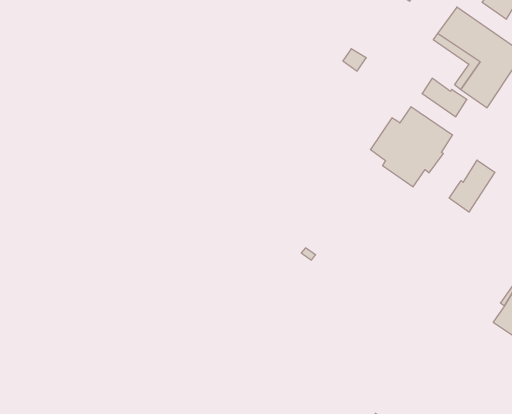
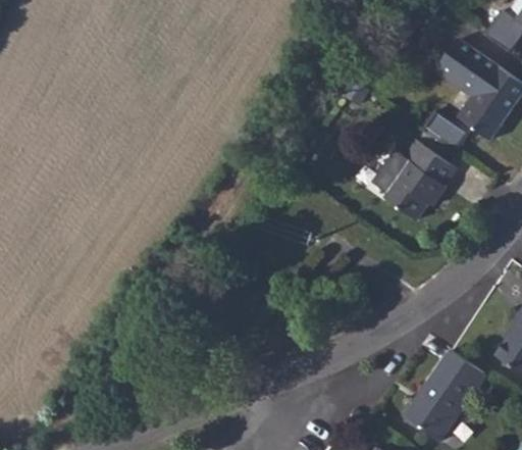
building: [449,160,495,212] -> none
building: none -> [404,349,485,441]

